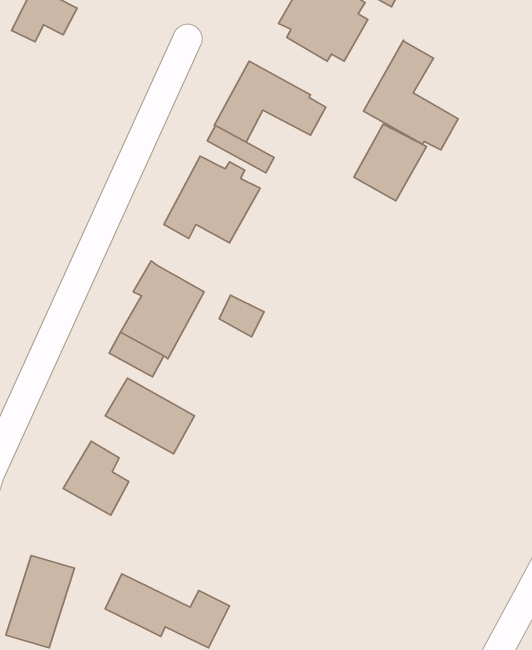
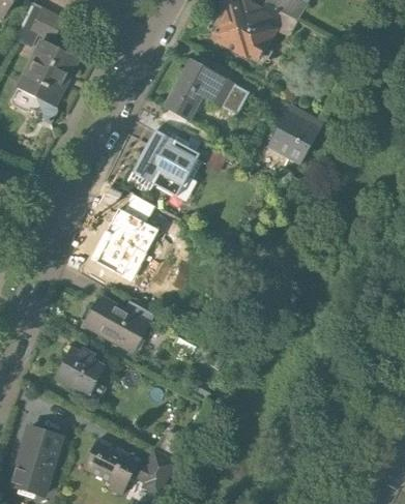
building: none -> [10,39,78,122]
building: [363,40,458,150] -> none
building: [219,295,264,337] -> [122,192,155,224]

